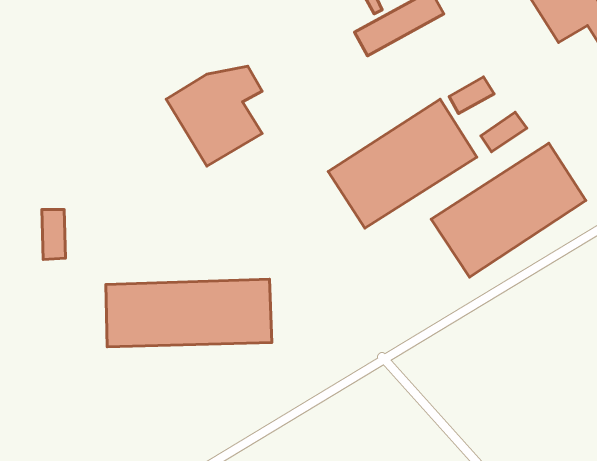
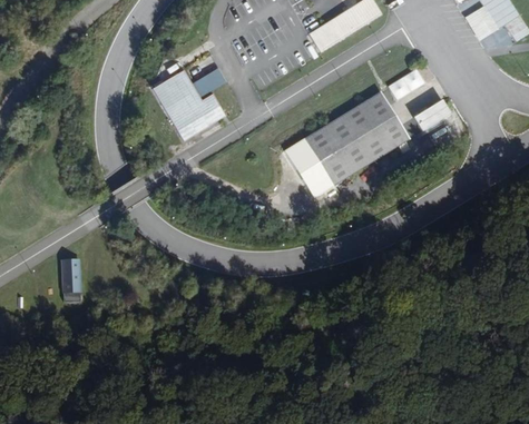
building: [431,143,586,277] -> none
building: [42,209,65,259] -> [60,259,80,302]
building: [106,279,272,347] -> none

